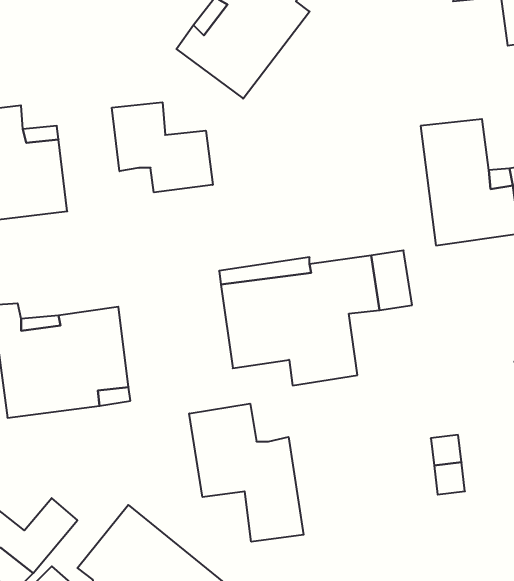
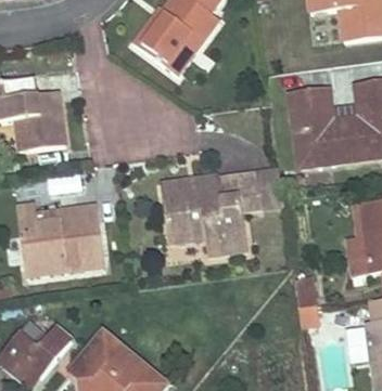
building: [112,102,213,192] -> none
building: [189,404,304,542] -> none

